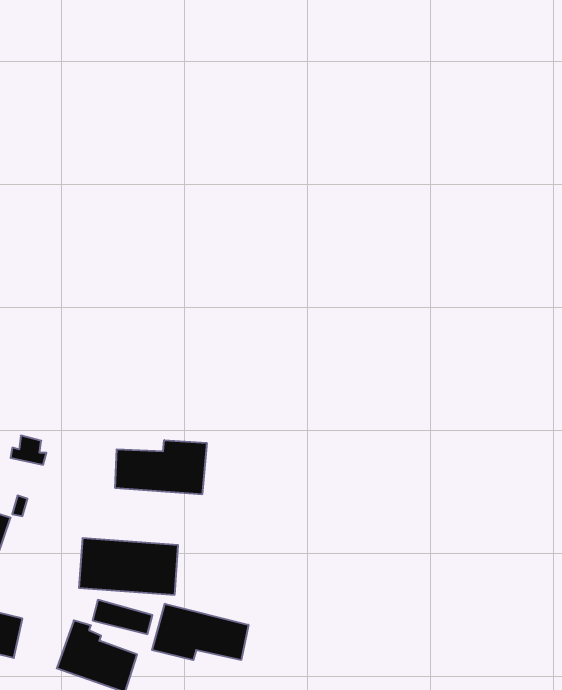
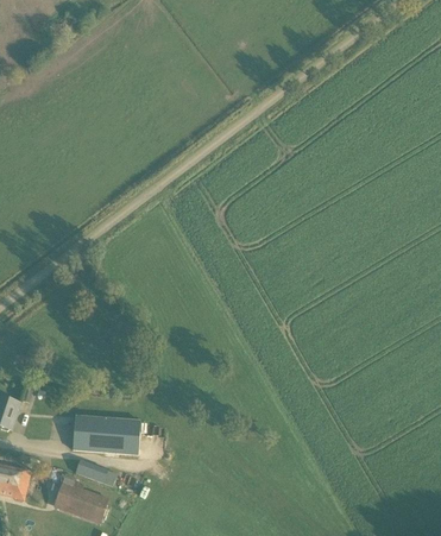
building: [115,440,207,494] -> none
building: [152,604,248,660] -> none

